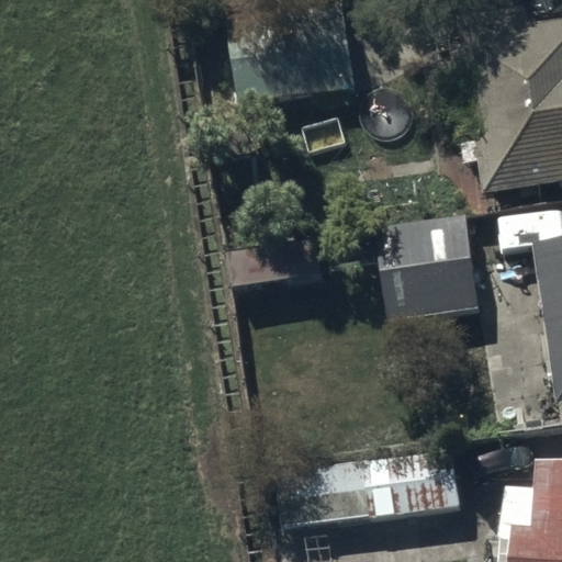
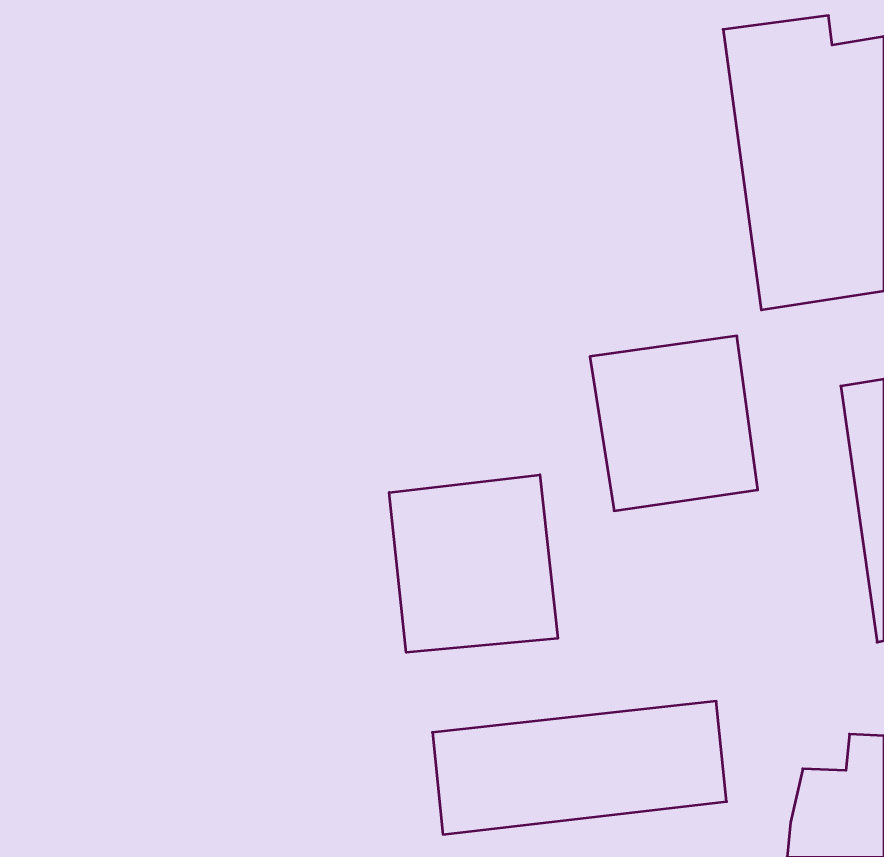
building: [227,5,357,104] -> none
building: none -> [389,475,558,652]

